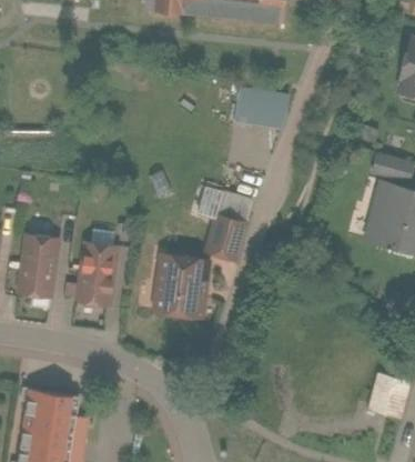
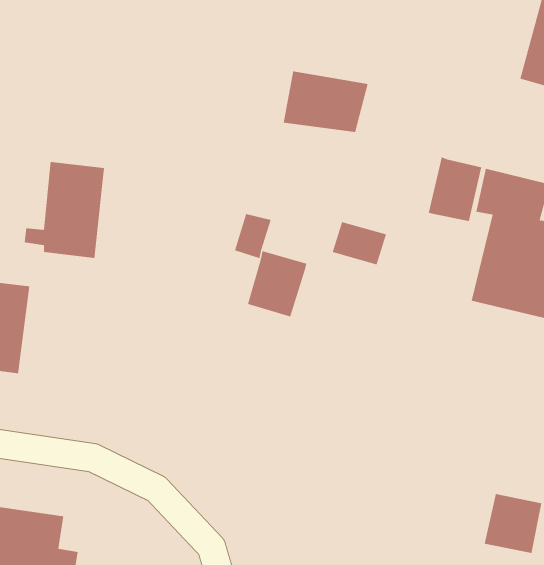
building: none -> [428,156,482,222]
building: [217,189,255,219] -> [332,221,387,265]
building: [62,238,118,304] -> [24,161,105,259]
building: [156,250,211,314] -> none

